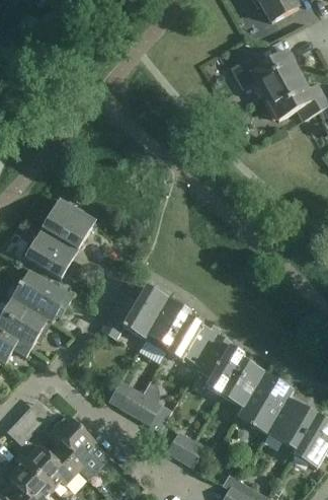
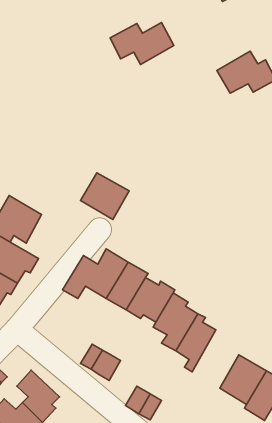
building: [231,51,299,95] -> [110,23,174,65]
building: [43,199,94,248] -> [81,173,129,220]
building: [237,371,292,433] -> none

